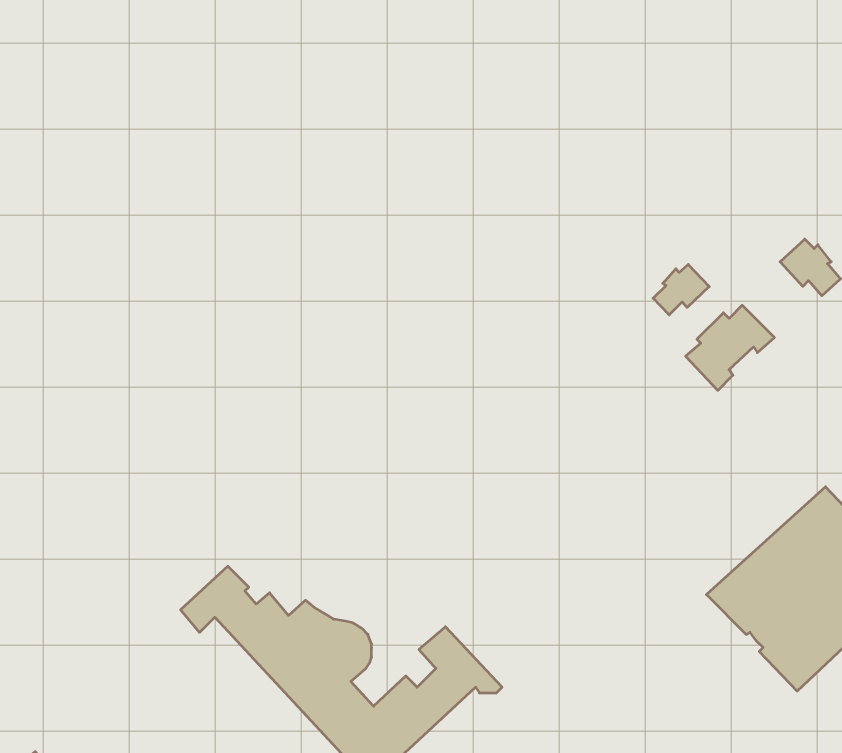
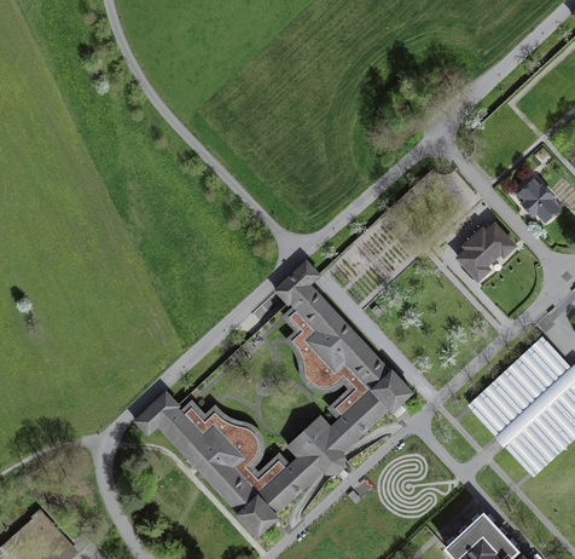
building: [653,264,709,315] -> none
building: none -> [275,261,412,469]

